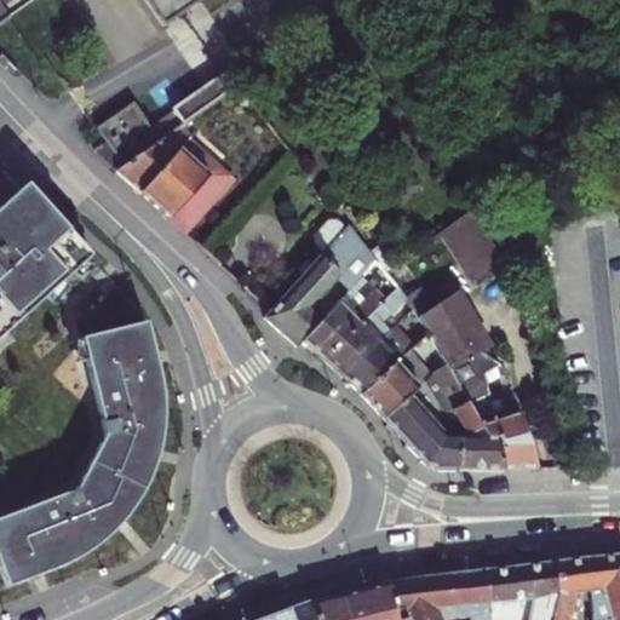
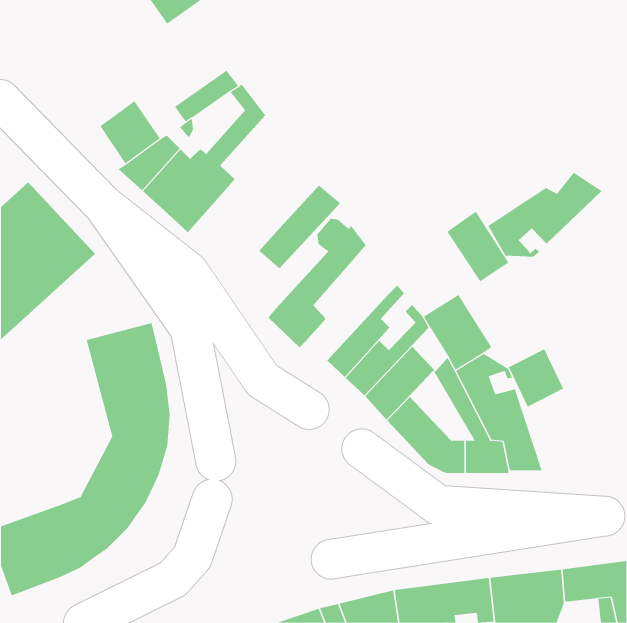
building: none -> [488,172,602,257]
building: [302,272,383,356] -> [259,185,341,269]
building: none -> [508,348,564,407]

